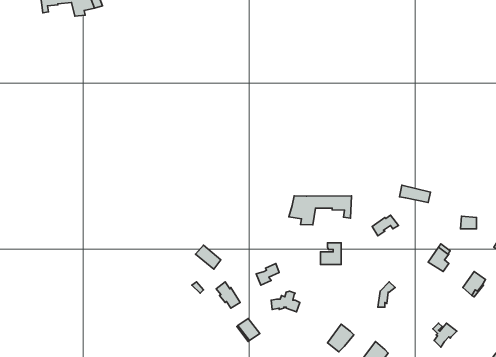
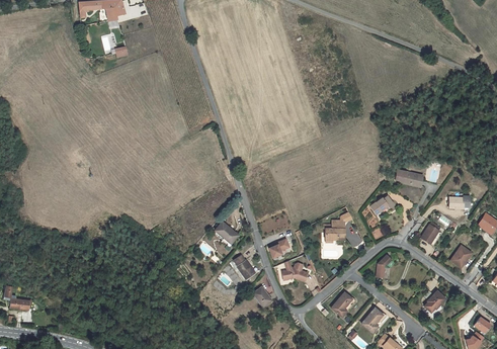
building: [289,196,352,225] -> none

